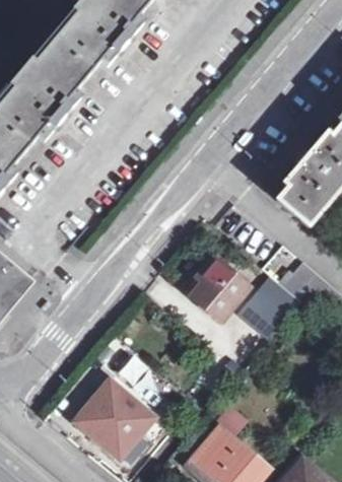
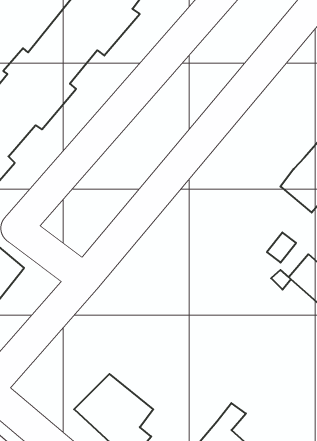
building: [184,256,249,320] -> none
building: [237,290,285,337] -> none

